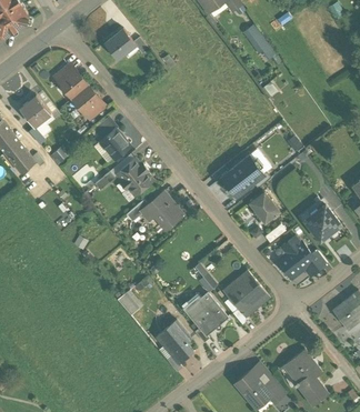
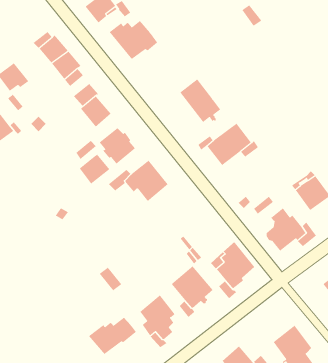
building: none -> [109,20,159,60]
building: none -> [180,78,220,123]
building: none -> [78,154,110,184]
building: [249,192,278,223] -> none
building: none -> [88,317,137,355]

